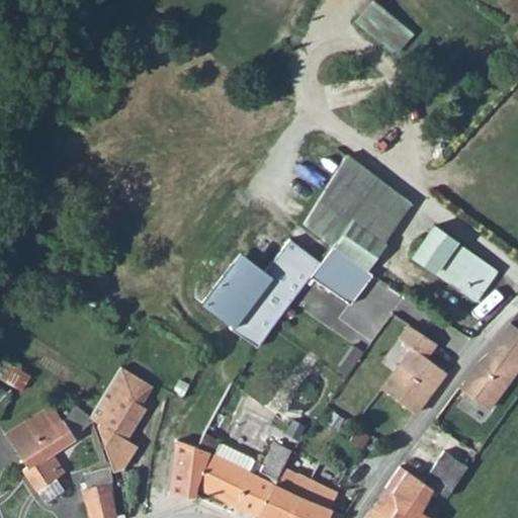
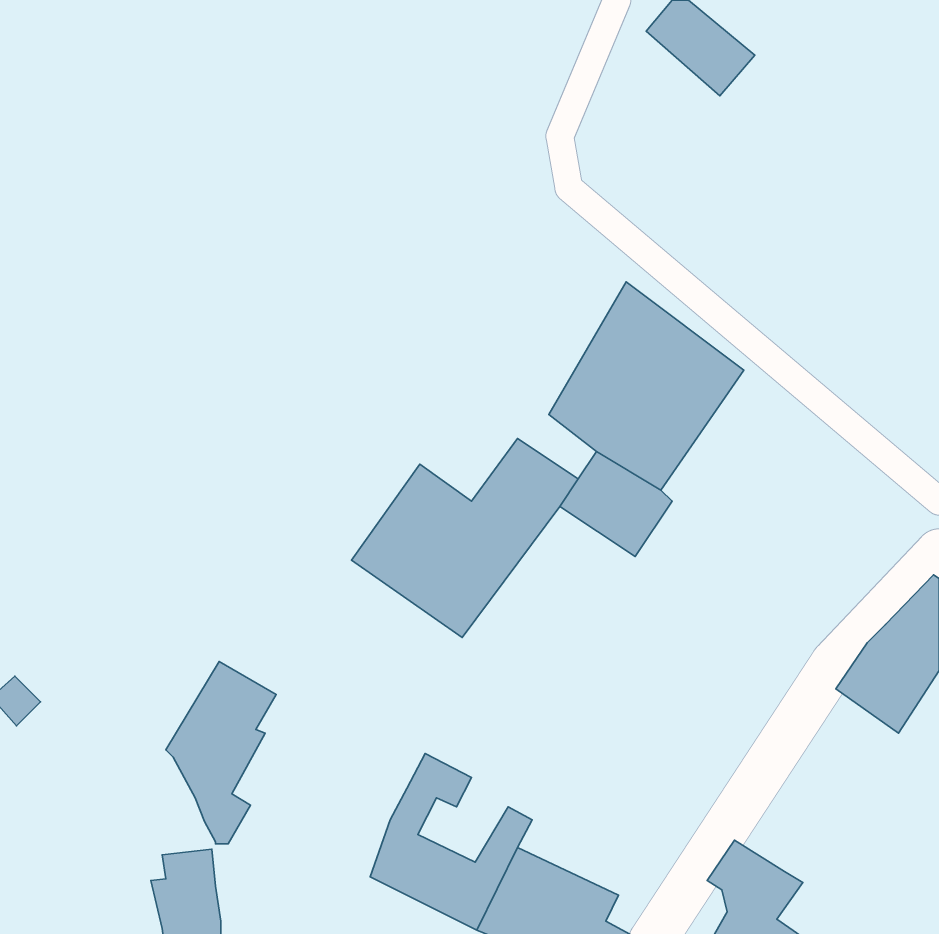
building: [406,225,490,301] -> none
building: [386,323,449,410] -> none
building: [9,398,95,489] -> none
building: [176,444,214,498] -> none
building: [431,452,473,498] -> none

